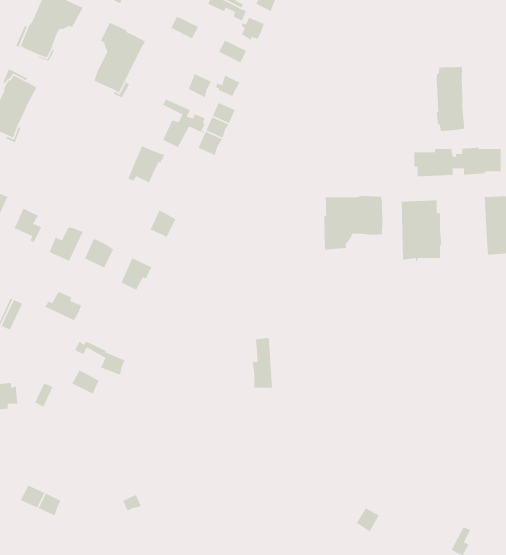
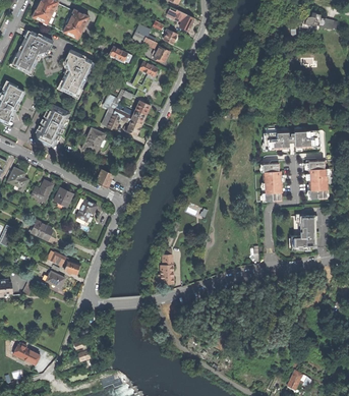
building: [436,66,465,132] -> none
building: none -> [36,104,70,148]
building: [324,195,383,250] -> none
building: none -> [291,215,317,250]

